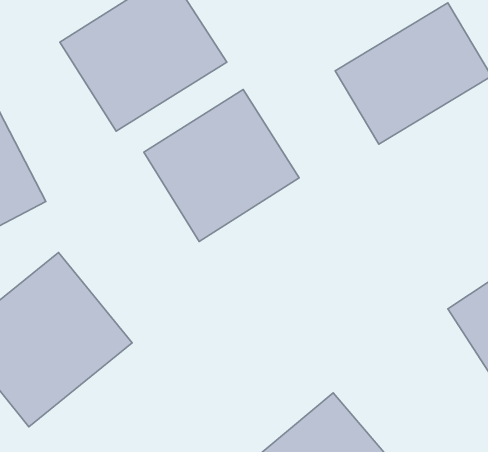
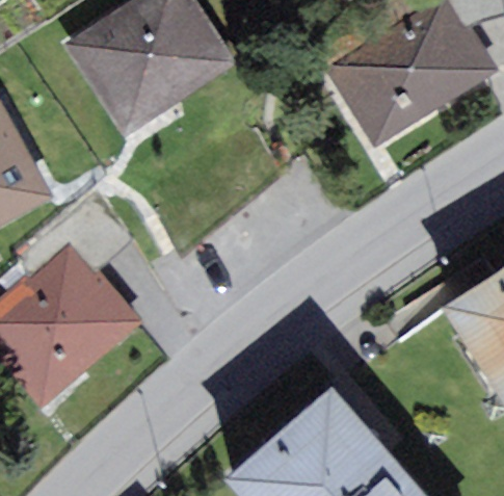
building: [144,89,299,241] -> none

